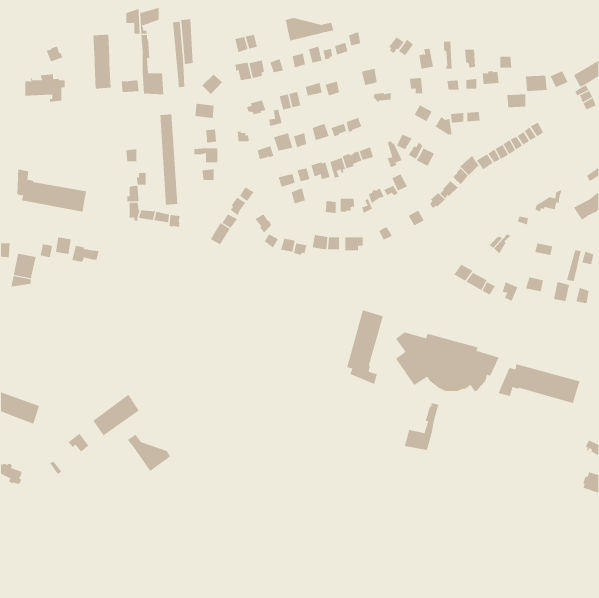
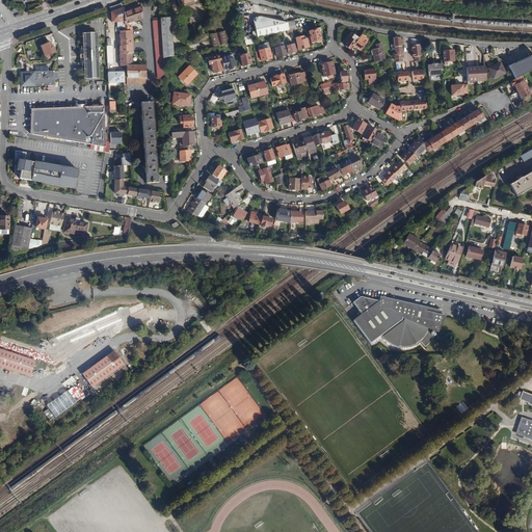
building: none -> [31,104,105,147]
building: [346,309,384,385] -> none
building: [498,364,580,404] -> none
building: [404,402,439,451] -> none
building: [127,434,171,472] -> none

